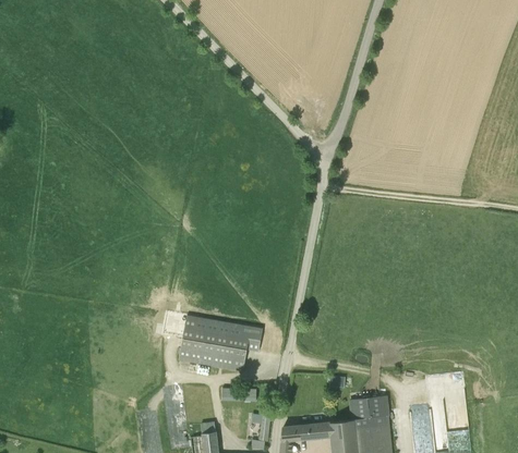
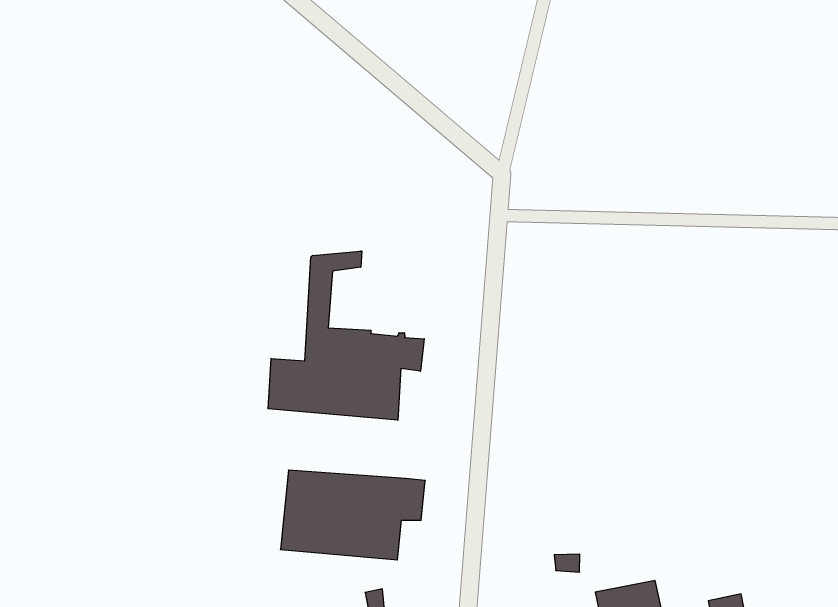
building: none -> [268,251,424,420]

